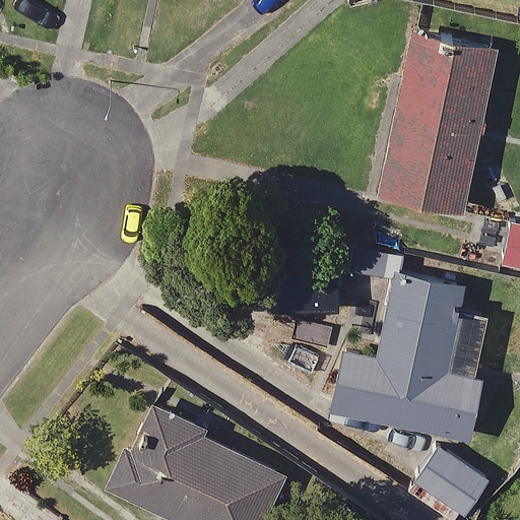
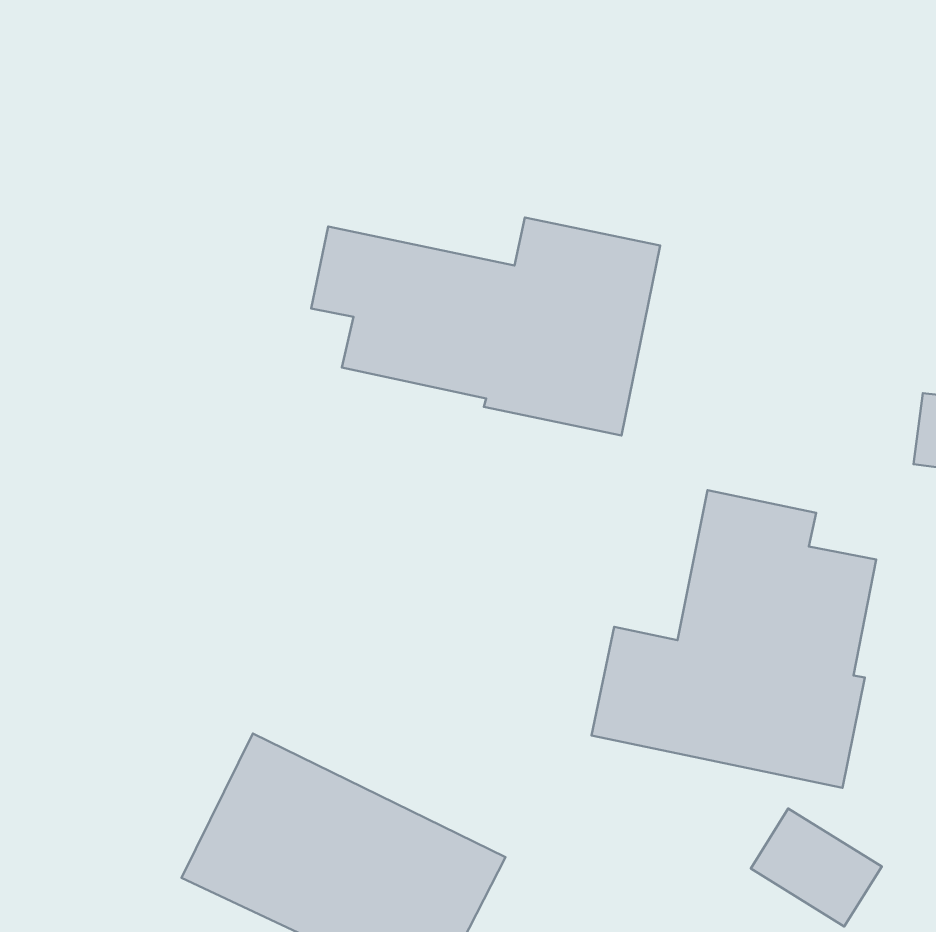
building: [378,36,495,210] -> none
building: none -> [311,217,660,436]

